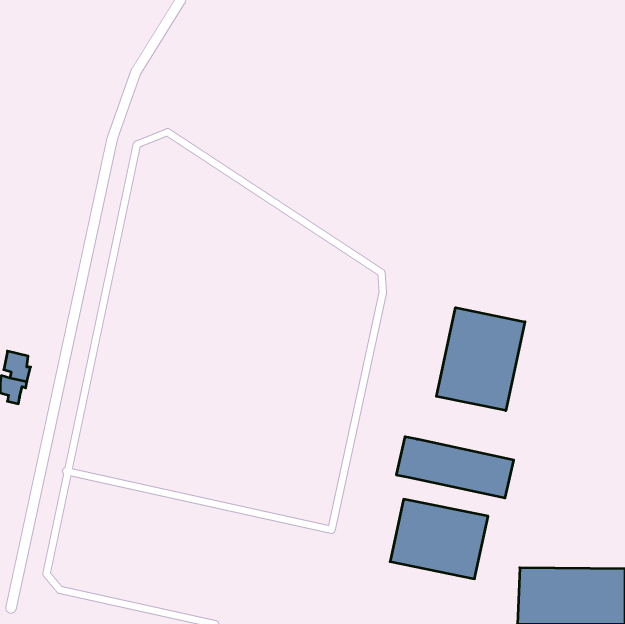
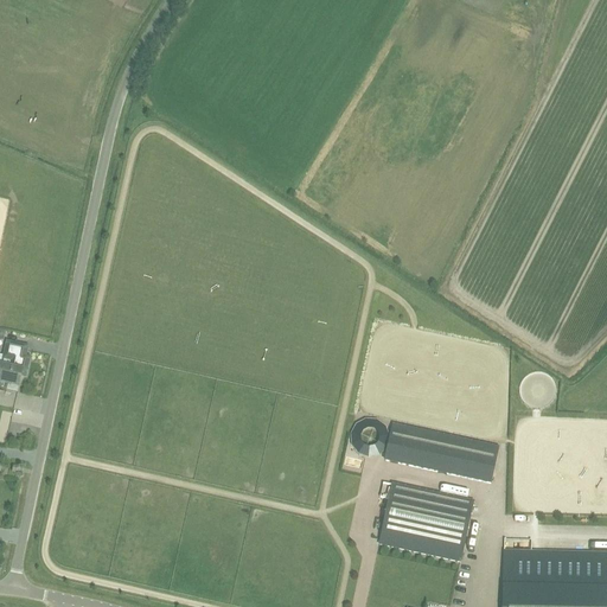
building: [436,308,525,411] -> none

